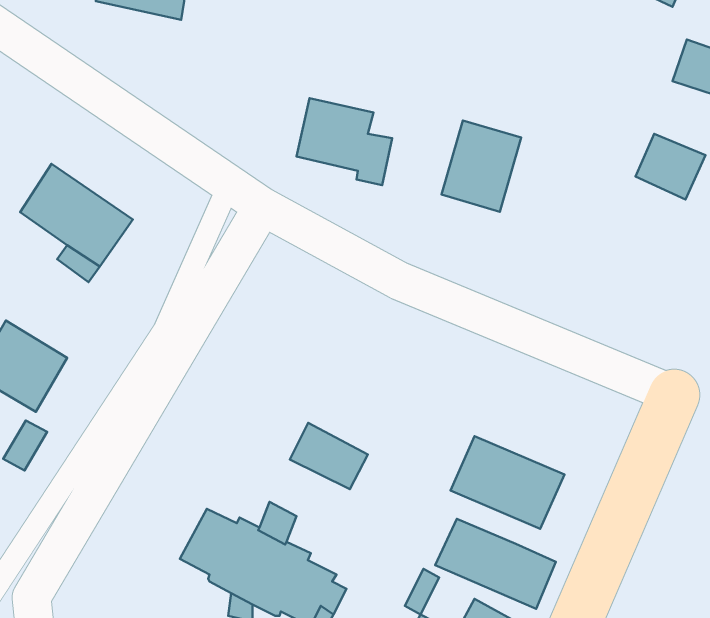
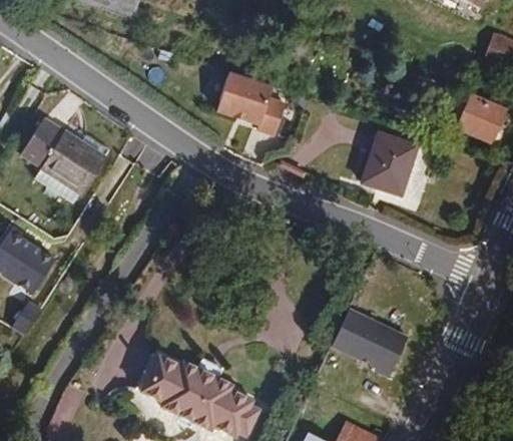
building: [441,120,521,212] -> [362,131,418,195]
building: [290,423,368,489] -> none
building: [435,519,556,609] -> none

